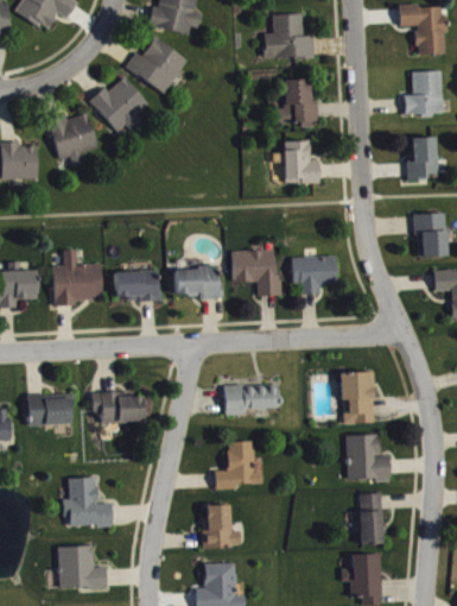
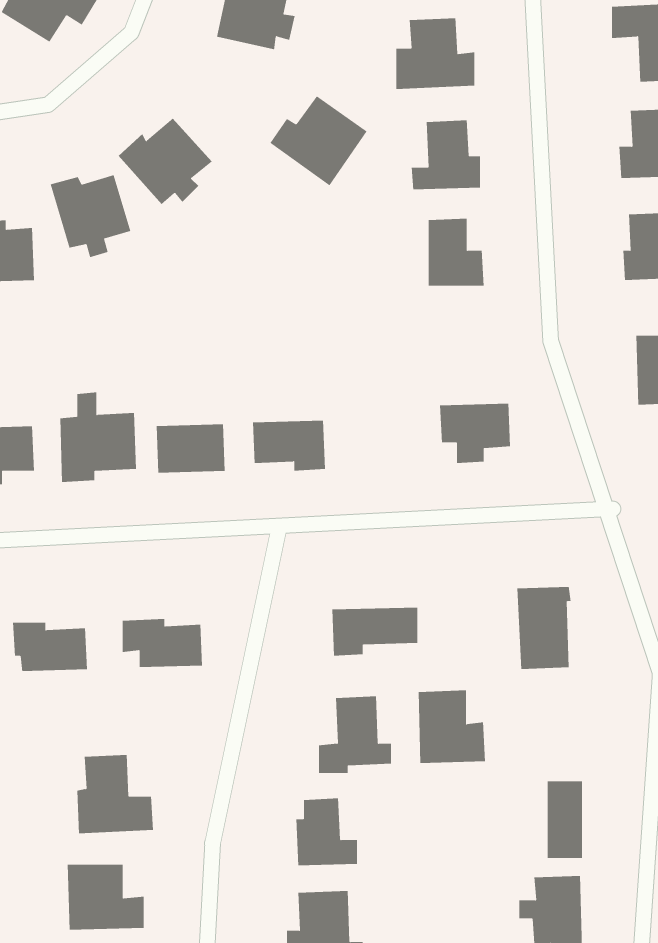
building: [125,38,186,95] -> [269,95,368,186]
building: [231,251,281,297] -> none
building: [347,435,389,481] -> [418,690,486,764]

